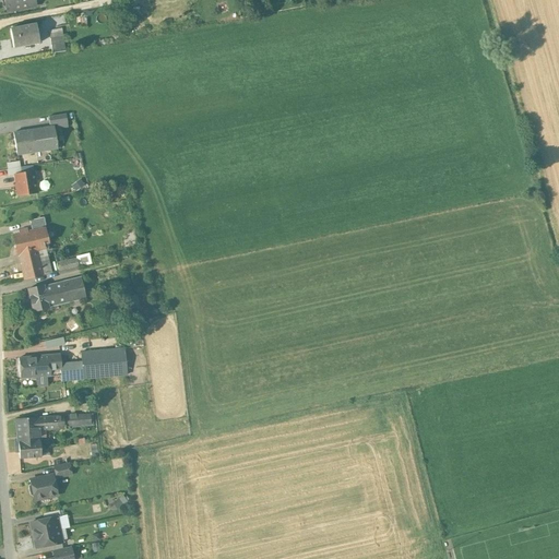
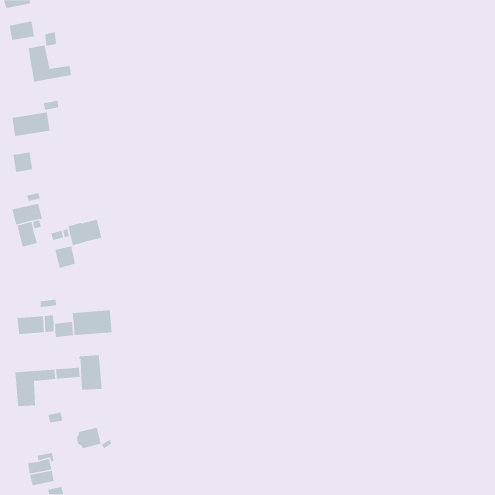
building: none -> [28,44,72,82]
building: [28,281,68,311] -> [67,219,102,246]
building: none -> [79,355,102,391]
building: [29,474,58,499] -> [76,427,101,449]

